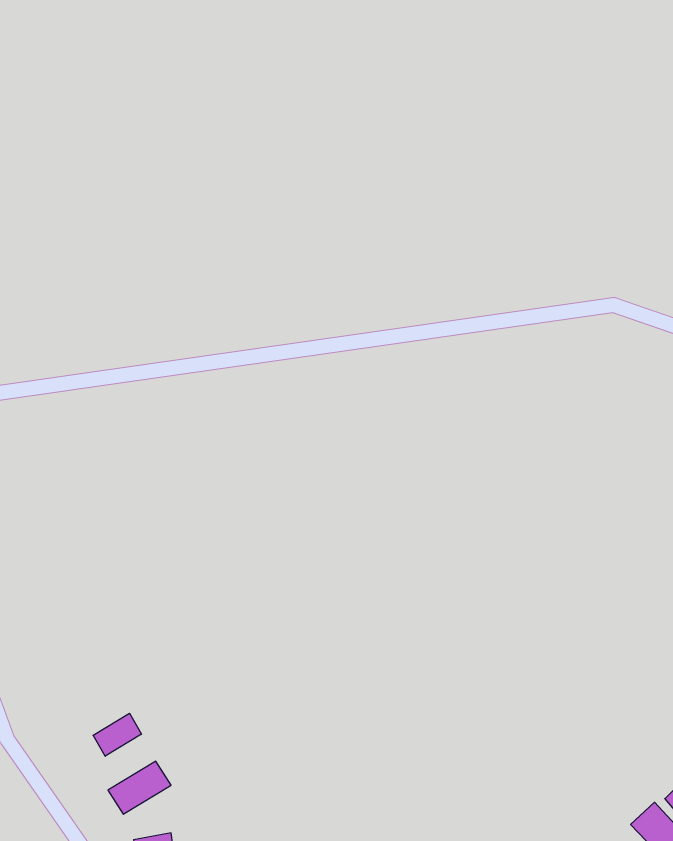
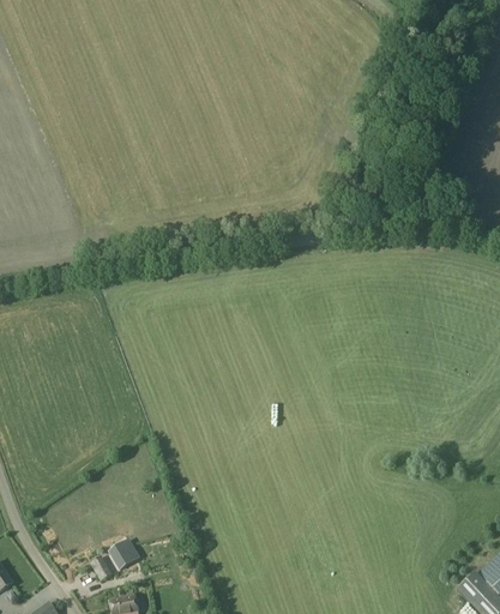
building: [93,713,141,756] -> none

